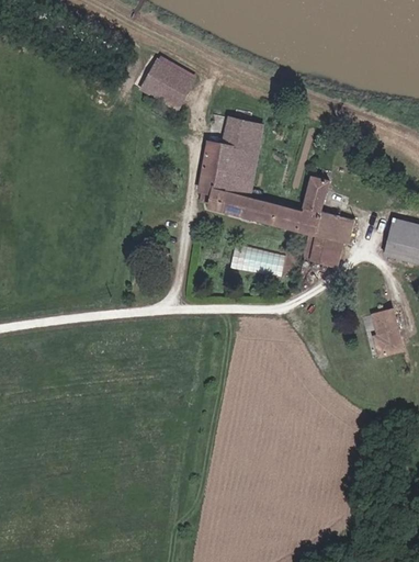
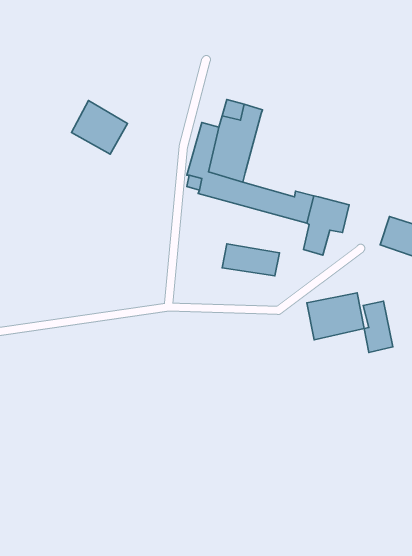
building: [143,55,196,106] -> [71,100,127,154]
building: [302,175,330,209] -> none
building: none -> [307,293,364,340]

